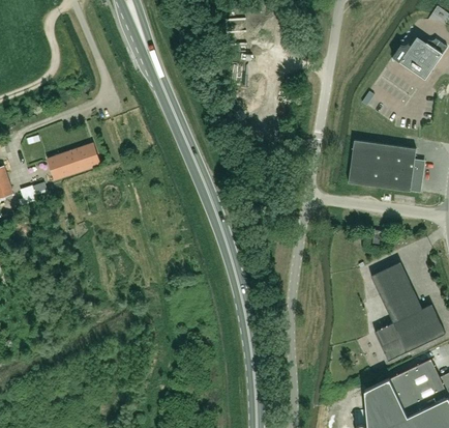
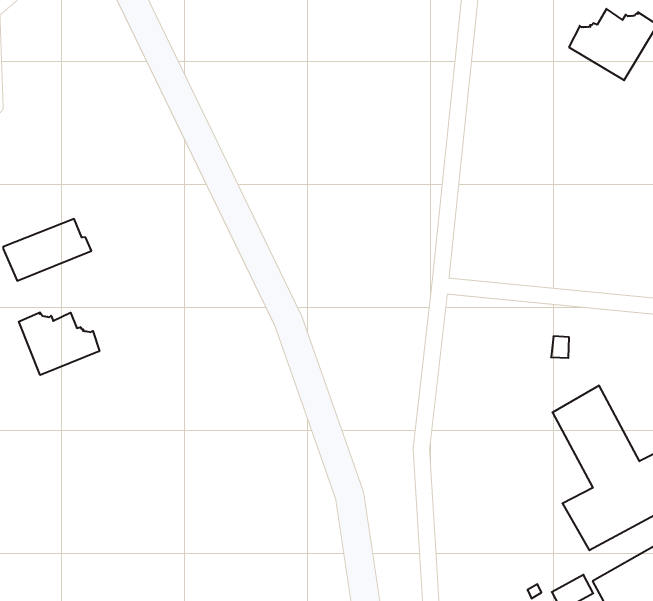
building: [349,141,422,193] -> none
building: none -> [19,312,99,375]

